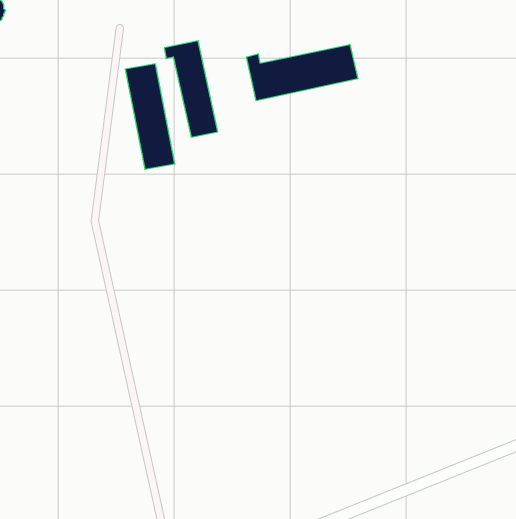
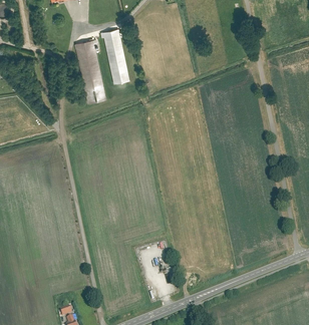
building: [246,44,358,101] -> none

